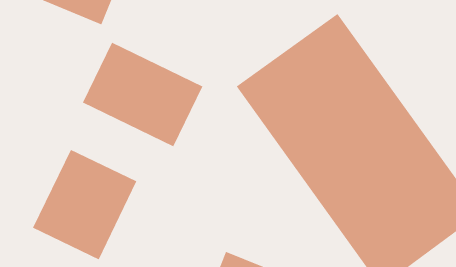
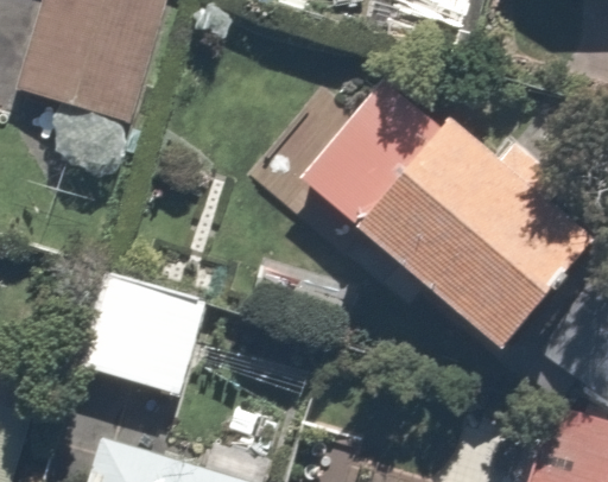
building: [82,42,203,147] -> none

